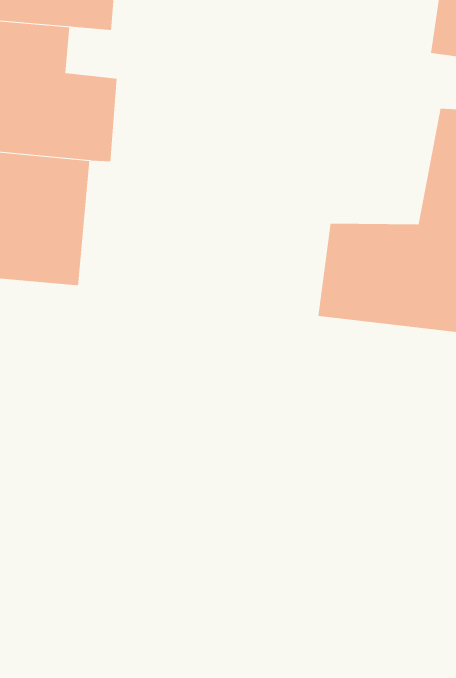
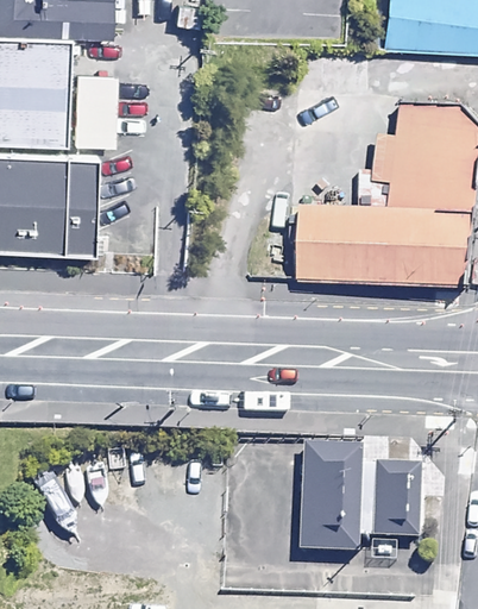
building: none -> [304,437,411,546]

